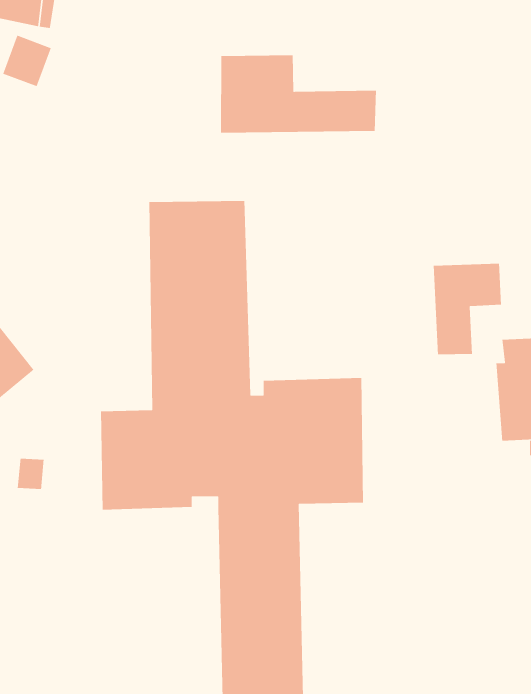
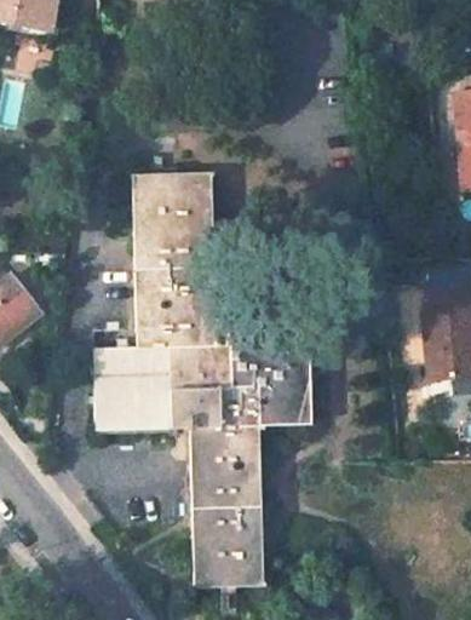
building: [220,55,377,134] -> none
building: [433,263,502,355] -> none

